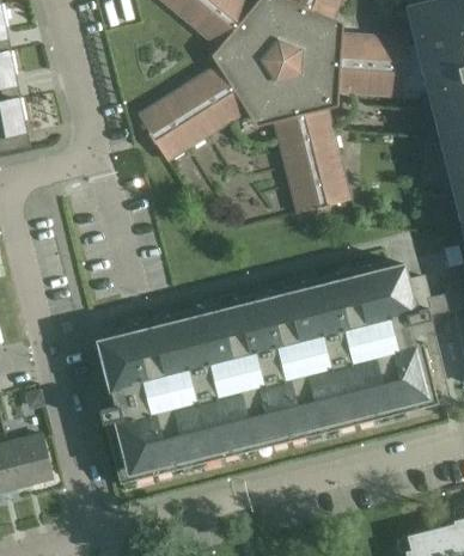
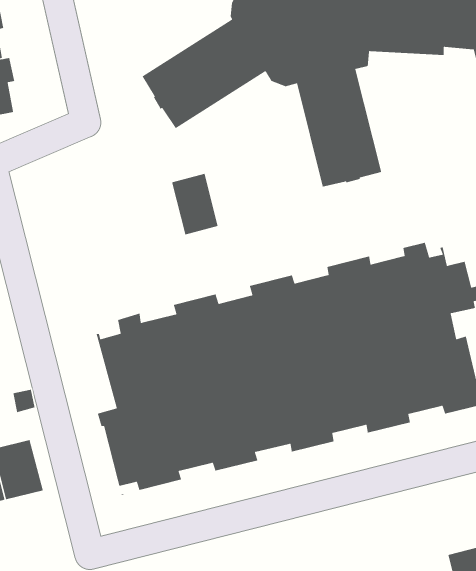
building: none -> [171,173,219,235]

